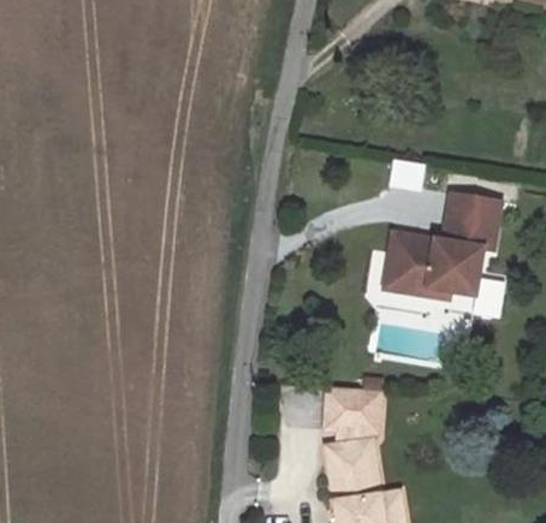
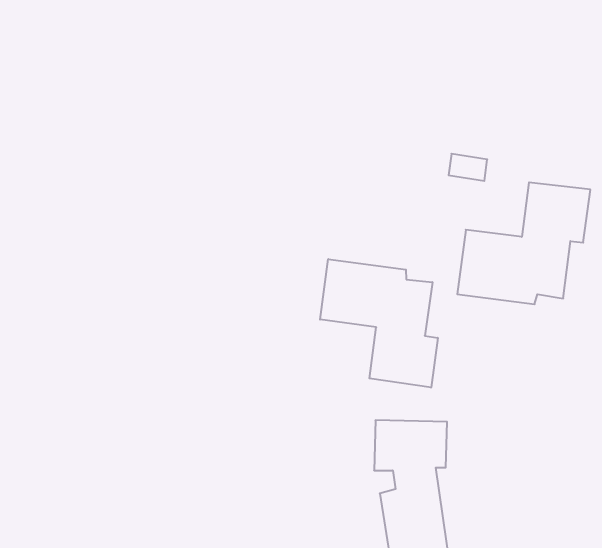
building: none -> [320,259,438,388]

